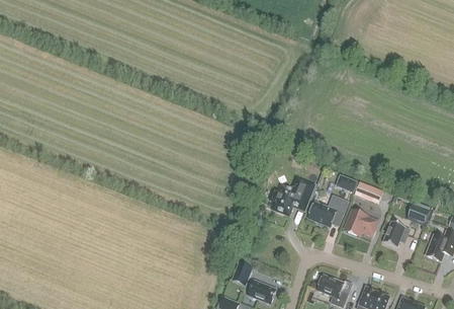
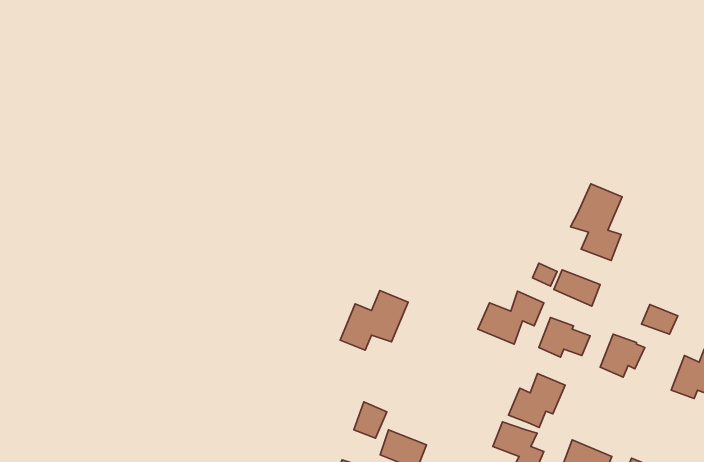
building: none -> [570,184,622,260]
building: [273,177,314,214] -> [340,291,408,350]
building: none -> [509,374,565,427]

